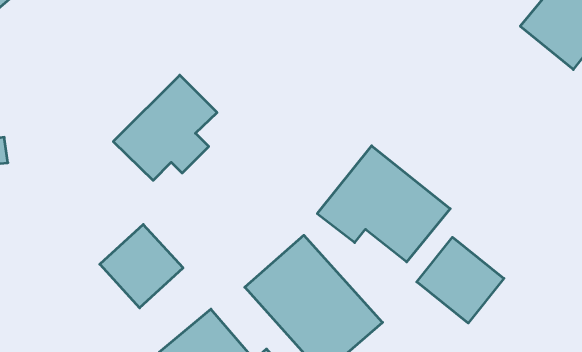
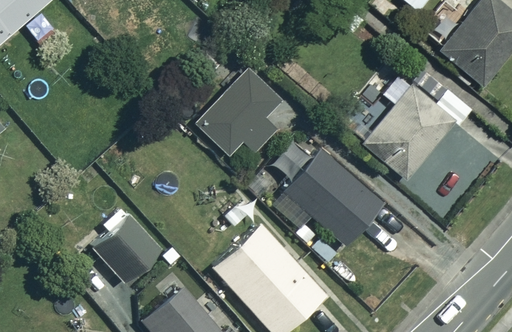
building: none -> [364,85,456,181]
building: [113,75,217,180] -> [196,69,282,156]
building: [417,237,504,323] -> none

